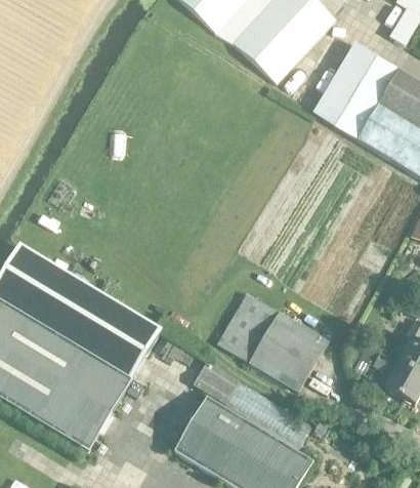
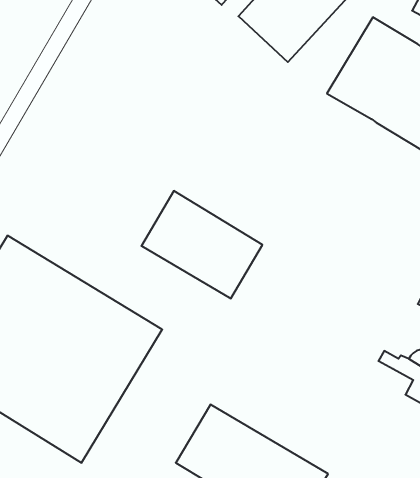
building: [216,292,327,391] -> [141,191,262,298]
building: [192,360,312,448] -> none

